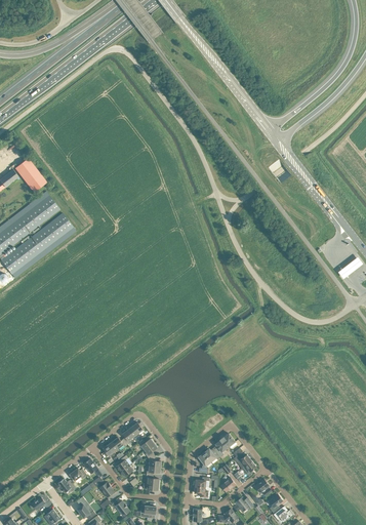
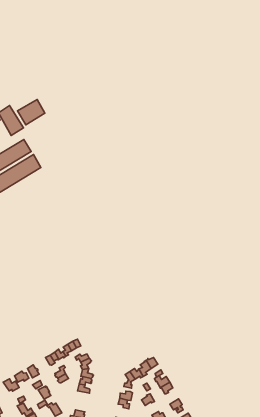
building: none -> [17,99,45,125]

